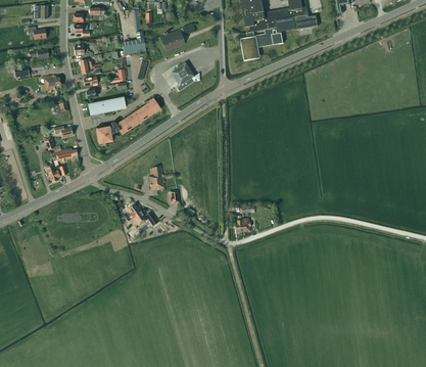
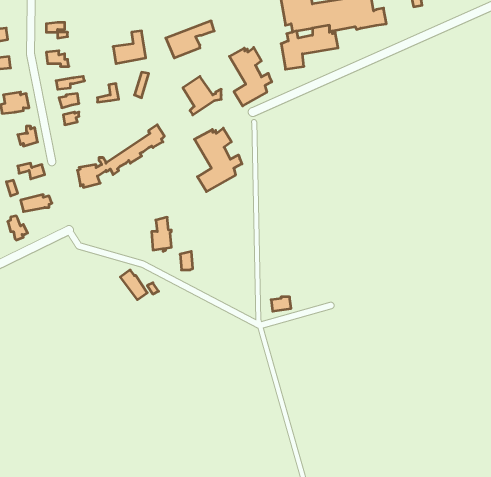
building: none -> [229,47,272,106]
building: [87,97,124,116] -> none
building: none -> [194,128,242,192]

